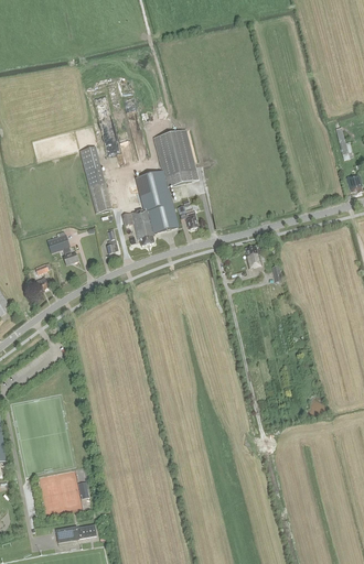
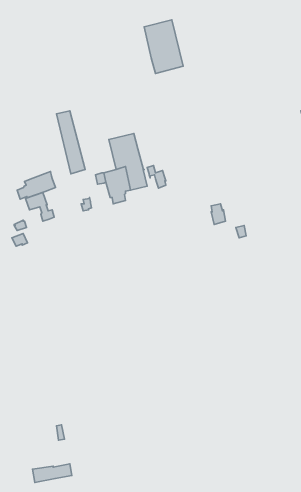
building: [154,129,196,186] -> [144,20,183,73]
building: none -> [17,171,55,199]

